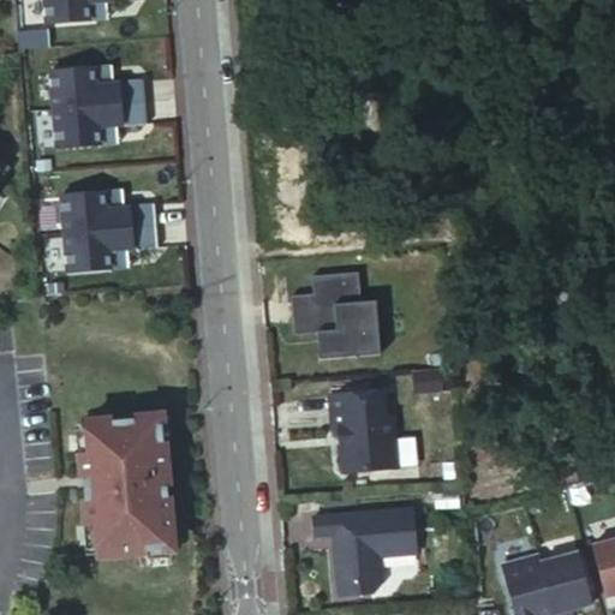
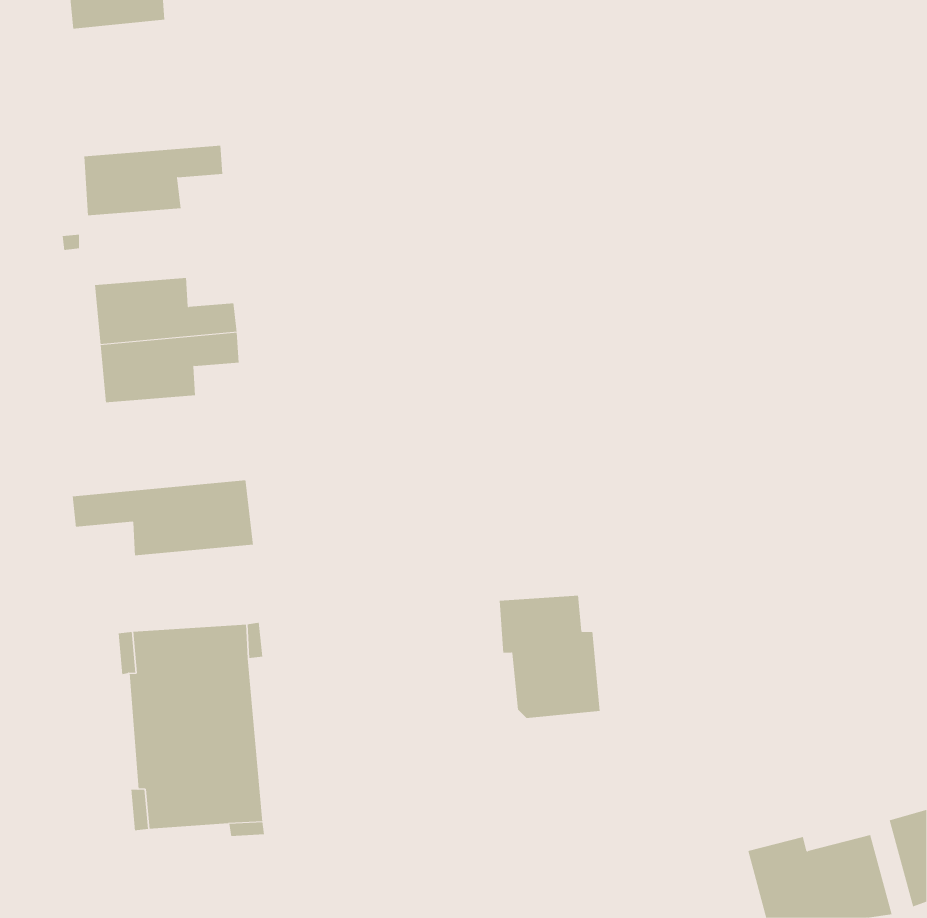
building: [52,60,147,103] -> none
building: [292,274,378,360] -> none
building: none -> [72,480,253,556]
building: [315,512,417,598] -> none

